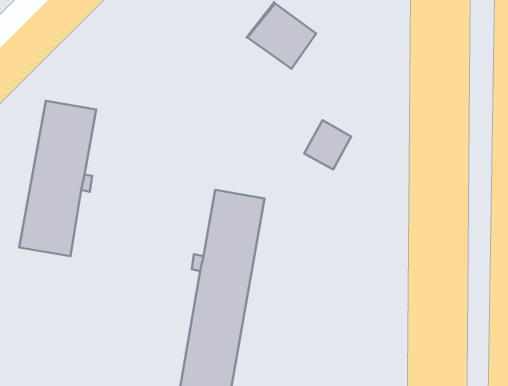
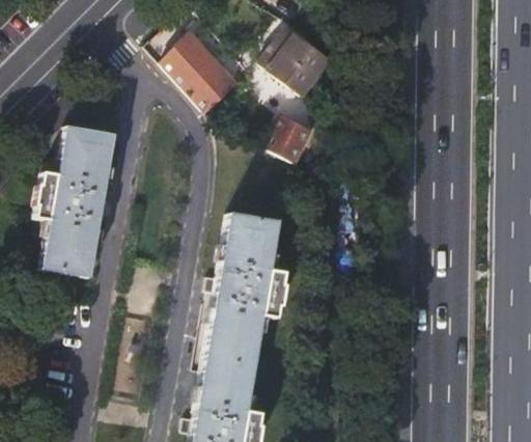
building: none -> [164,40,234,112]
building: [304,120,351,170] -> [270,115,315,163]

